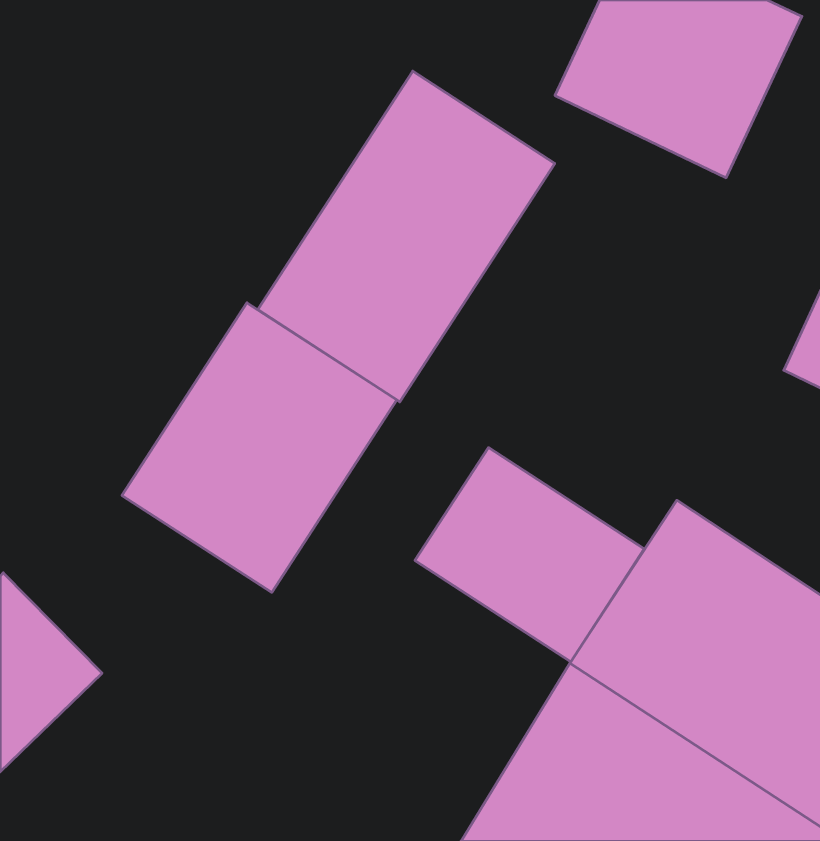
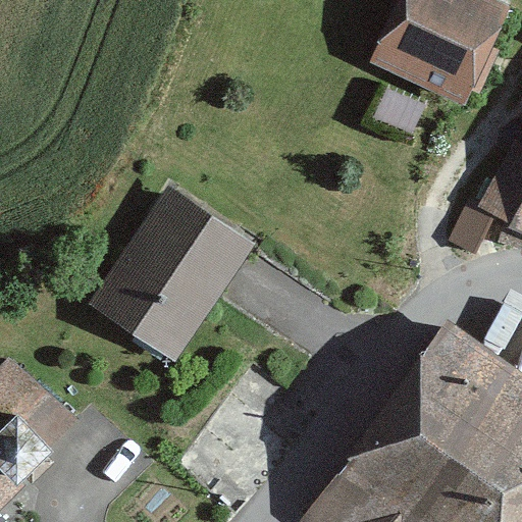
building: [258,71,555,402] -> none
building: [415,448,644,662] -> none

